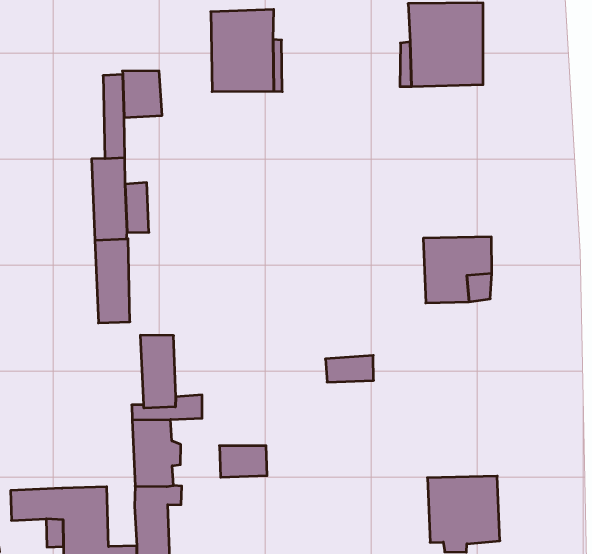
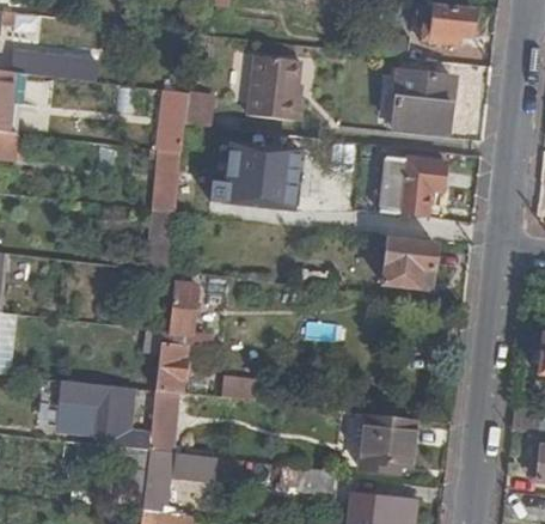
building: none -> [368,141,446,213]
building: none -> [202,138,294,200]

